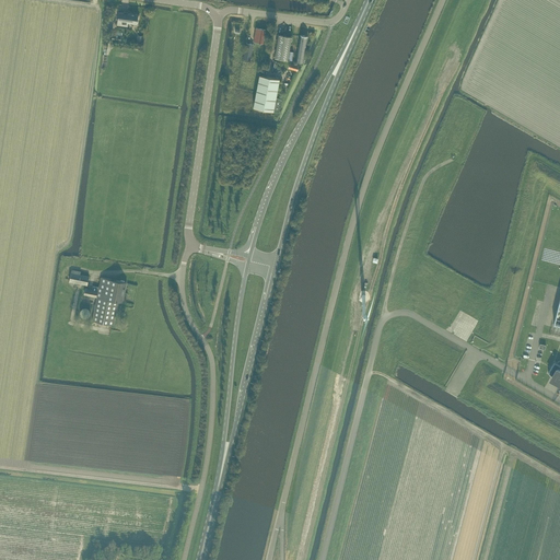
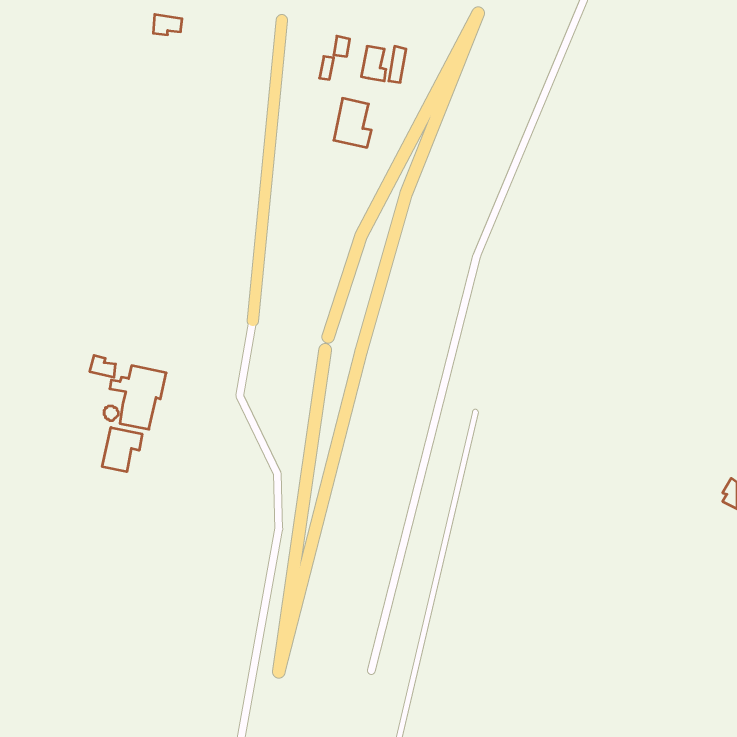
building: none -> [102,427,142,472]

